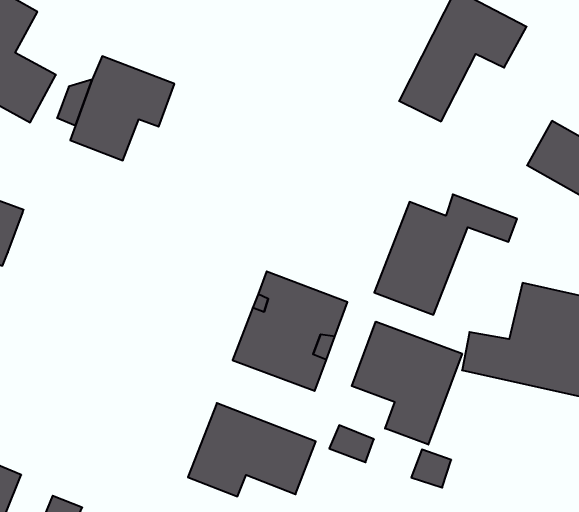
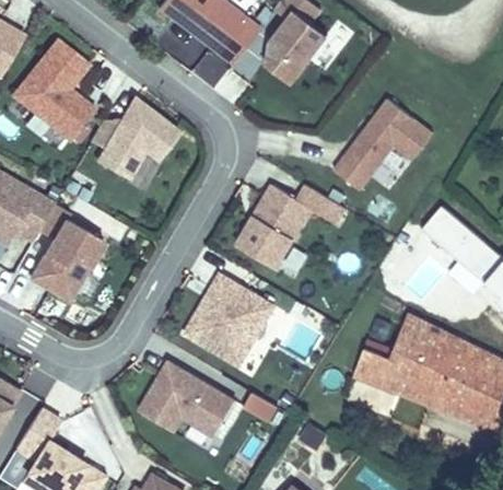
building: [374,194,517,315] -> [236,186,347,269]
building: none -> [31,205,104,301]
building: [352,322,462,445] -> none

